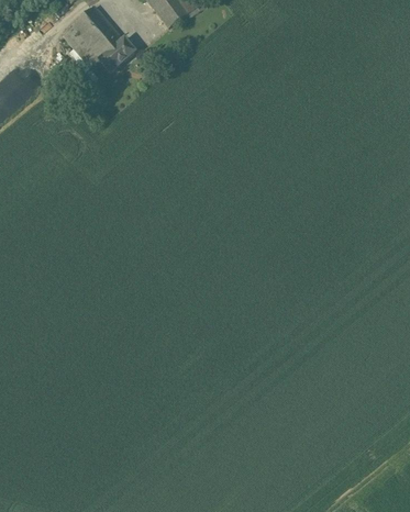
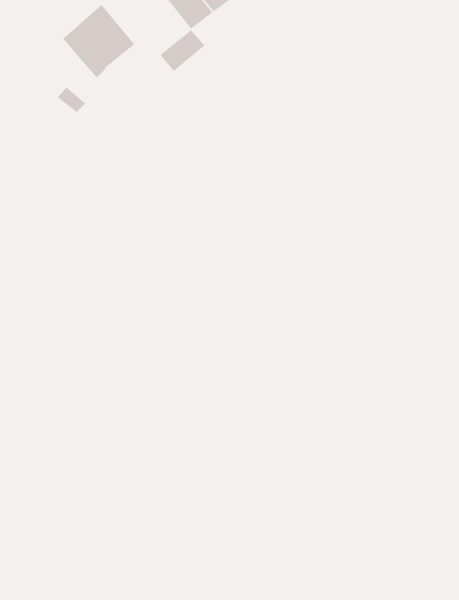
building: [98,37,135,73] -> [160,29,205,72]

